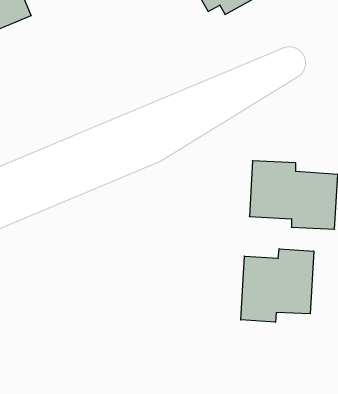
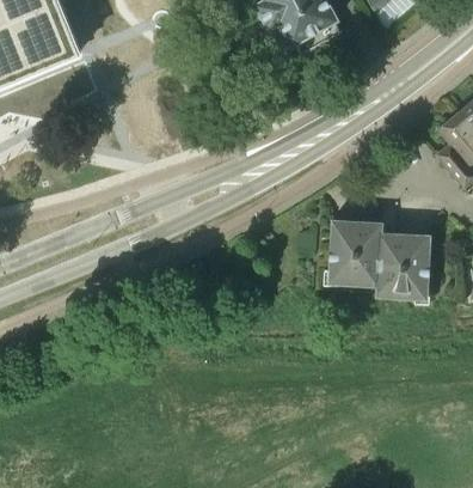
building: [241,249,314,322] -> none

